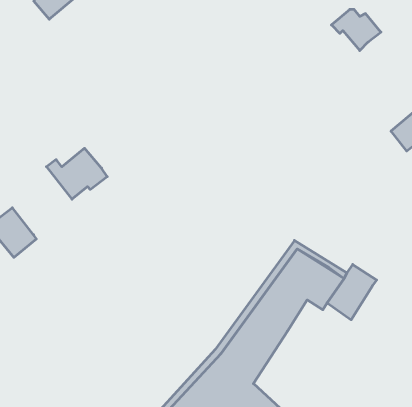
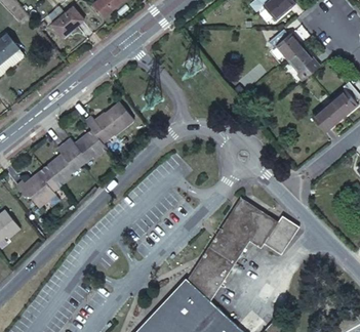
building: none -> [288,47,317,83]
building: none -> [83,103,132,146]
building: none -> [37,144,80,194]

